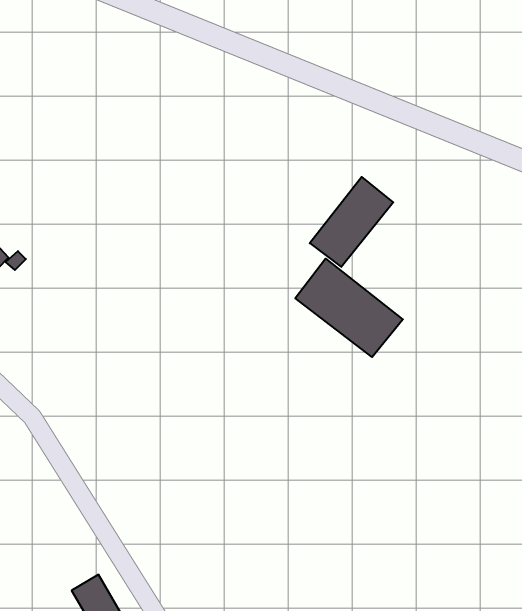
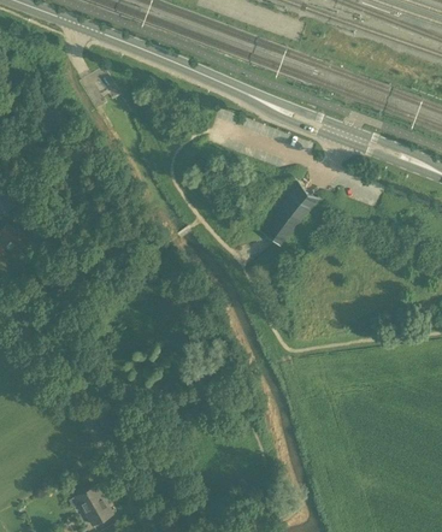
building: [295,259,403,357] -> none

